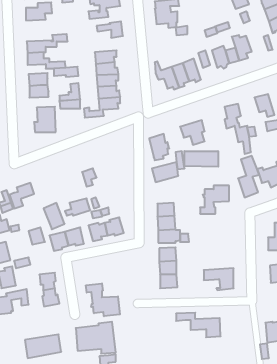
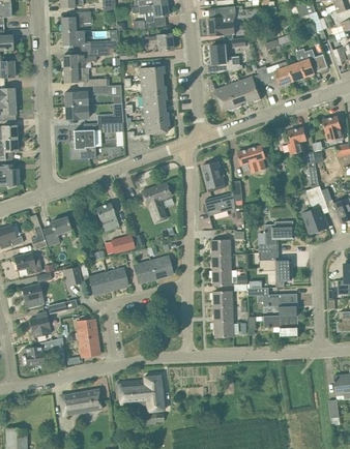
building: none -> [61,31,108,49]
building: none -> [210,46,240,73]
building: [184,151,218,167] -> none
building: none -> [141,181,171,216]
building: [44,203,65,229] -> [95,203,119,233]
building: none -> [259,252,291,287]
building: [86,283,120,316] -> none
building: [176,313,221,337] -> [247,288,298,316]

